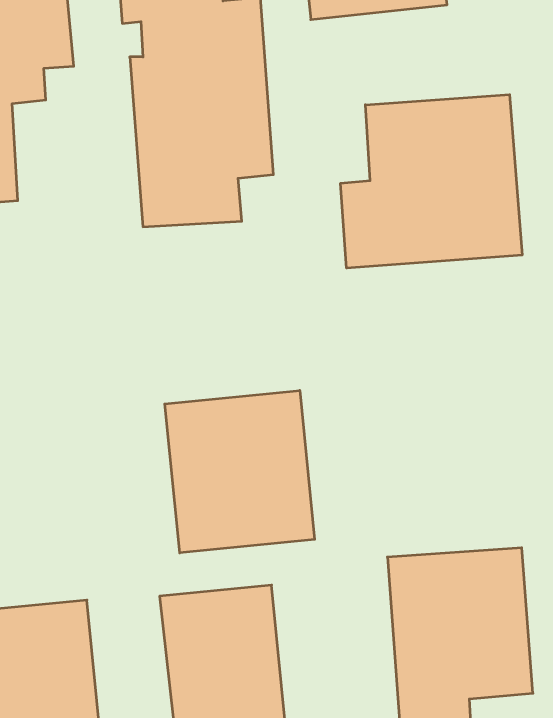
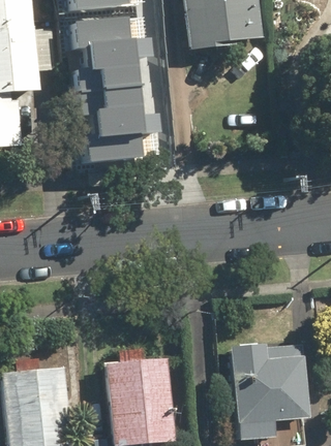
building: [341,95,522,268] -> none
building: [165,390,315,553] -> none

